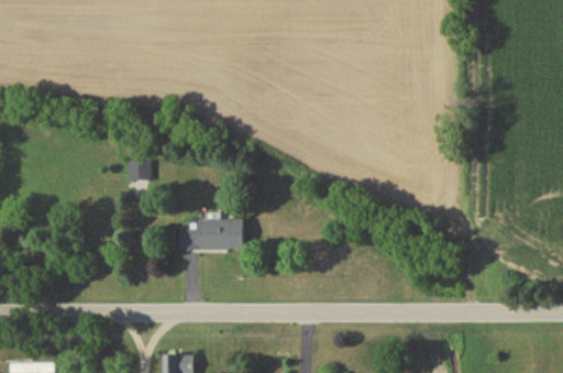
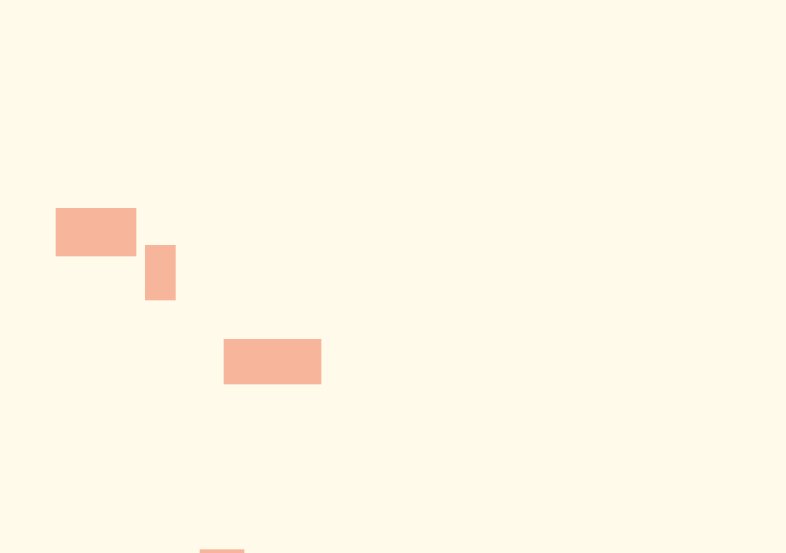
building: none -> [55,207,137,257]

